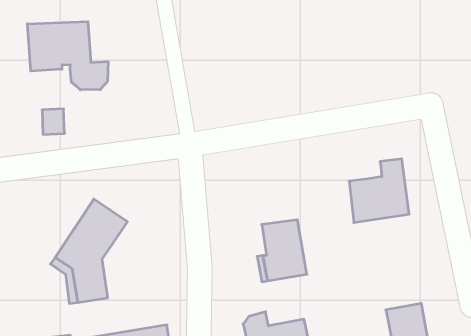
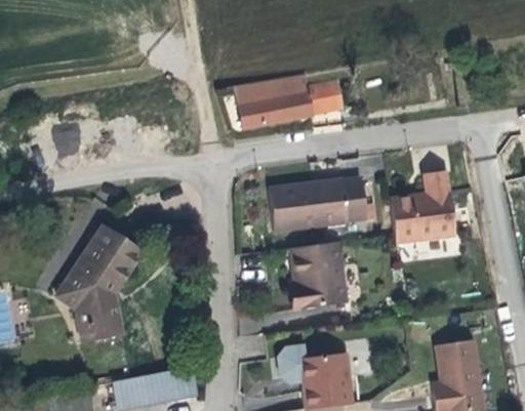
building: [27,22,108,90] -> none
building: none -> [241,76,346,126]
building: none -> [266,176,364,235]

